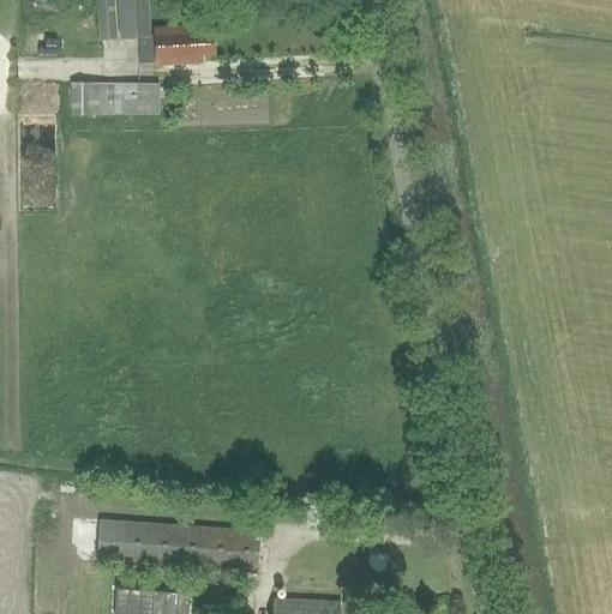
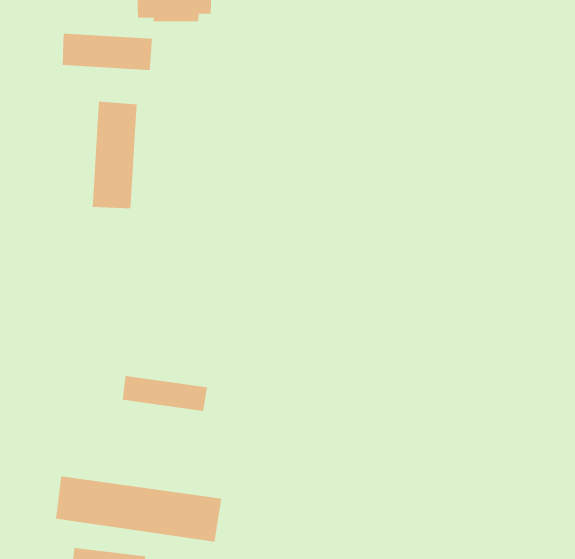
building: none -> [92,101,137,209]
building: none -> [122,375,208,412]

